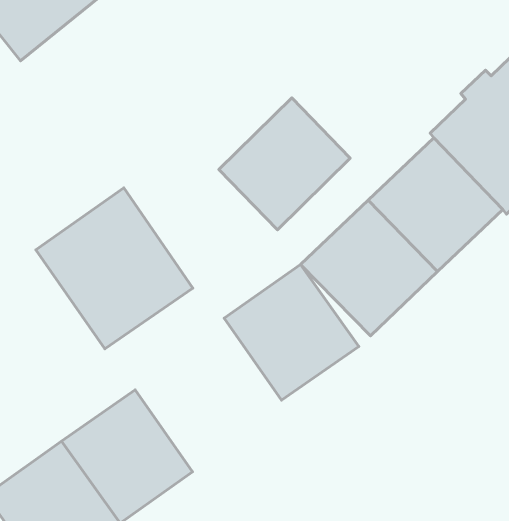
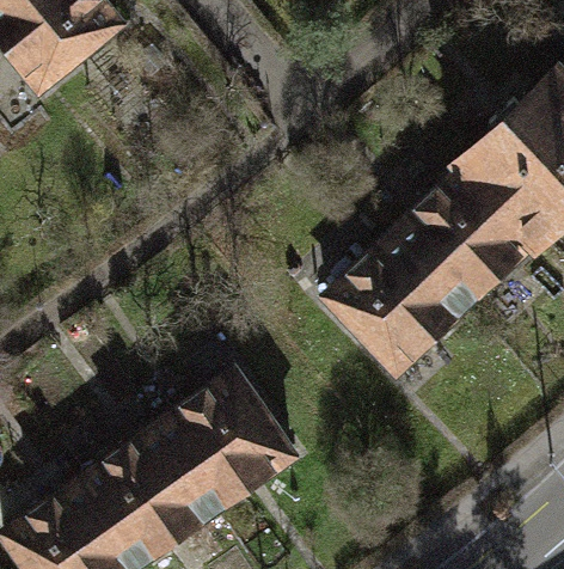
building: [219,98,350,230] -> none
building: [36,188,193,349] -> none
building: [224,264,359,400] -> [158,372,295,510]

